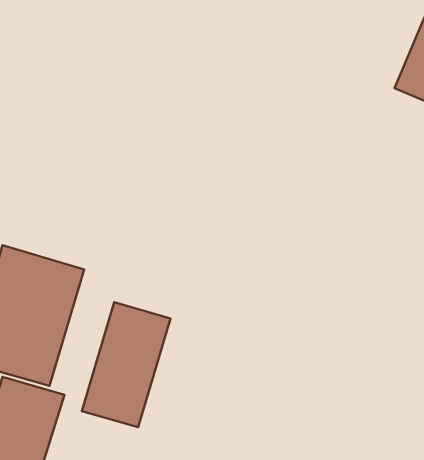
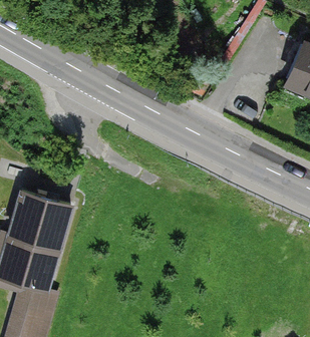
building: [82,302,171,427] -> none

